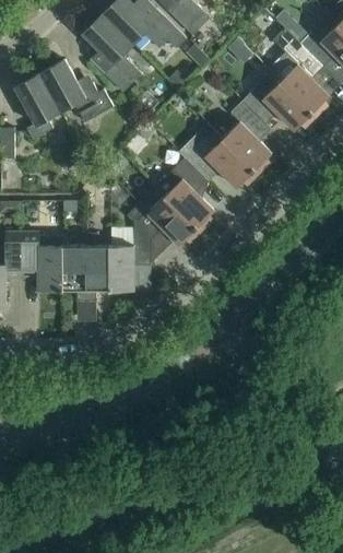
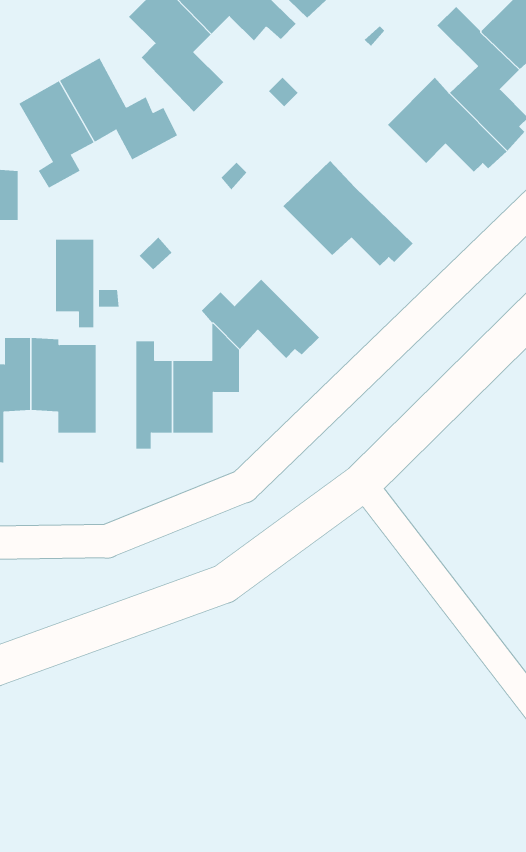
building: [222,101,271,174] -> none
building: [155,157,214,232] -> none
building: [62,246,86,301] -> [55,239,94,328]

